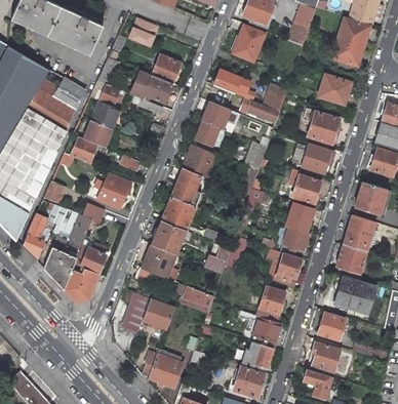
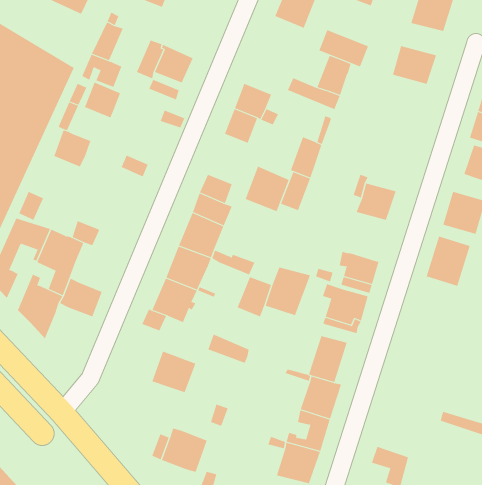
building: [152,55,181,84] -> none
building: [213,70,250,97] -> [318,29,369,67]
building: [307,112,340,144] -> none
building: [84,120,112,148] -> none
building: [183,145,215,178] -> [245,166,290,212]
building: [302,145,333,173] -> none
building: [96,173,131,210] -> none
building: [285,202,315,233] -> none
building: [335,244,366,274] -> none
building: [64,267,98,301] -> none
building: [333,277,375,312] -> none
building: [123,293,150,332] -> none
building: [318,312,345,339] -> none
building: [309,341,341,371] -> none

